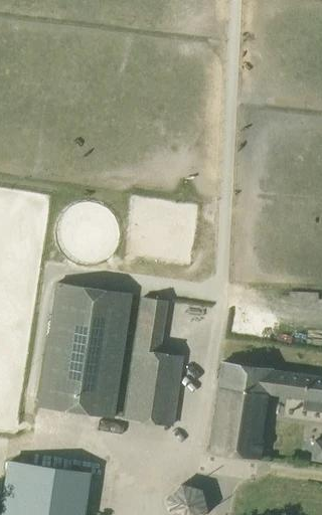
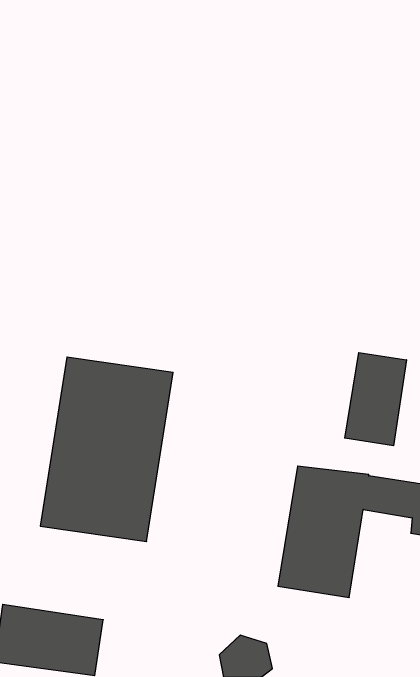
building: none -> [345,353,406,446]
building: [127,300,183,427] -> none

